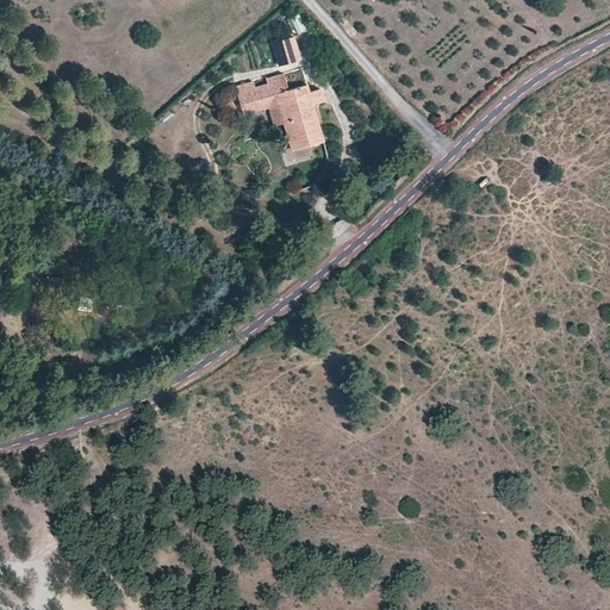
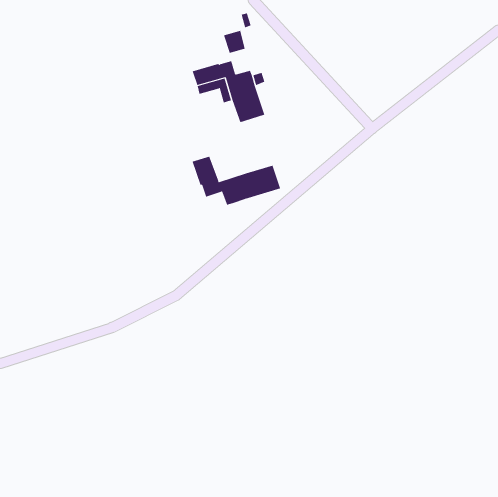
building: none -> [192,156,281,205]

